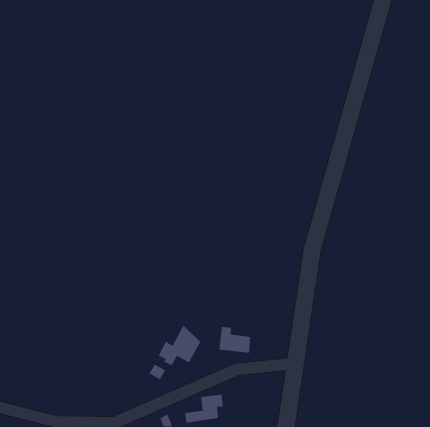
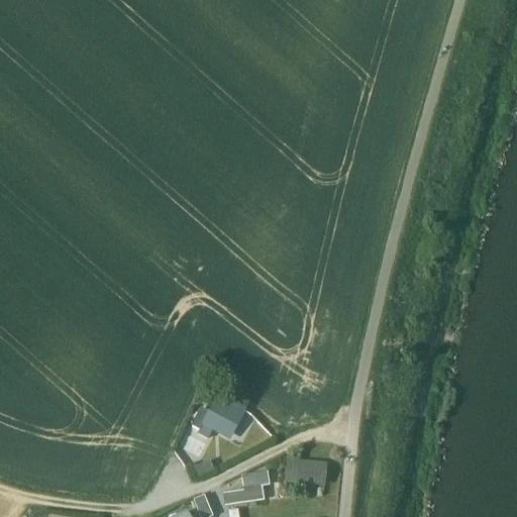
building: [219,326,251,353] -> [285,451,323,484]

